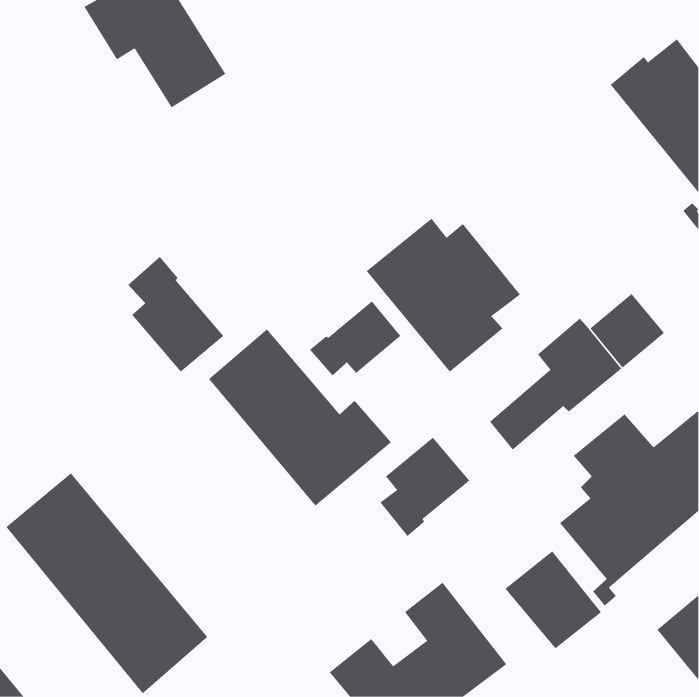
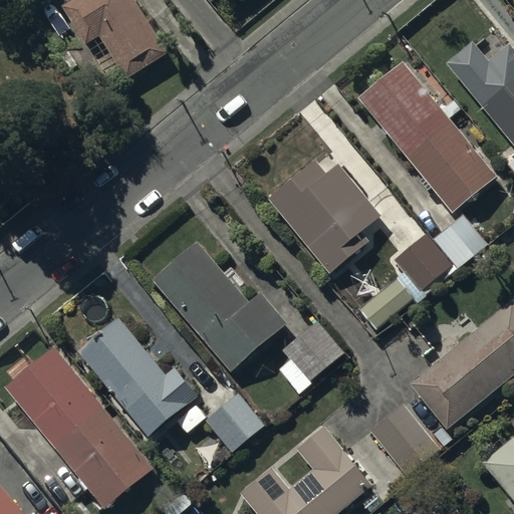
building: none -> [358,62,497,213]
building: [128,256,224,373] -> none
building: [309,300,401,376] -> none
building: none -> [77,317,197,436]
building: none -> [206,393,264,452]

